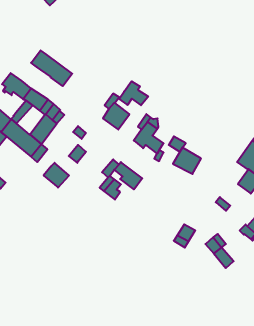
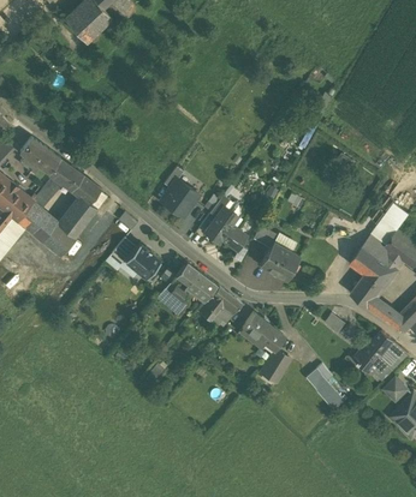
building: [31,50,72,86] -> none
building: [119,81,148,105] -> none
building: [44,163,69,188] -> [126,244,162,279]
building: none -> [200,287,242,325]
building: none -> [242,313,285,348]

